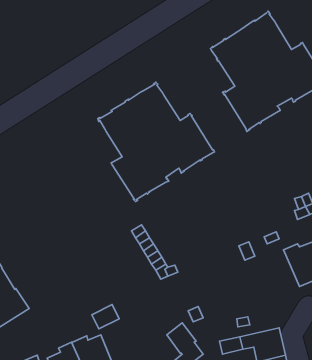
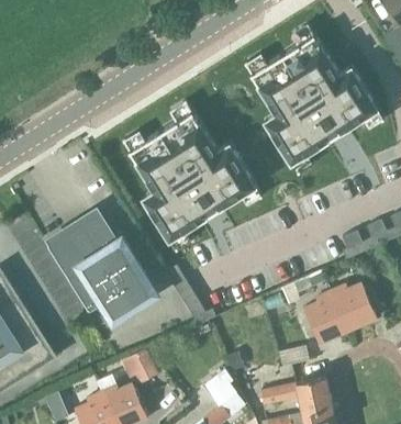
building: none -> [46,217,155,317]
building: none -> [302,292,347,345]

